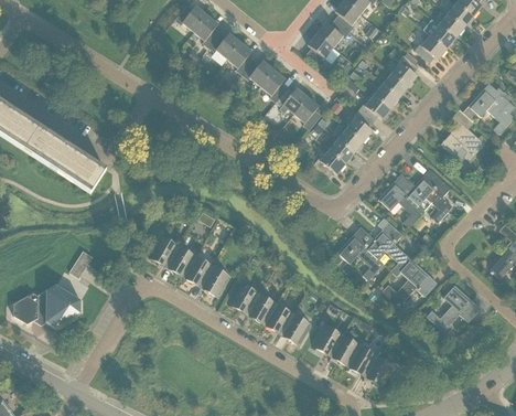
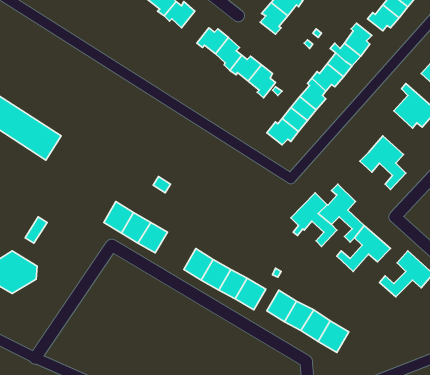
building: [227,42,255,74] -> none
building: [378,172,424,226] -> none
building: [201,265,232,297] -> none

